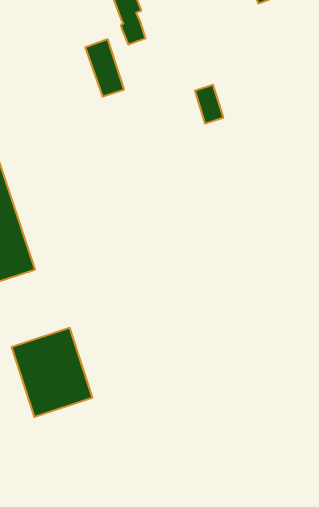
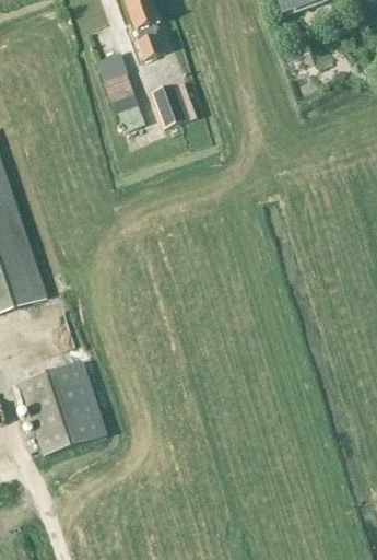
building: [195,85,223,124] -> [154,84,185,126]

